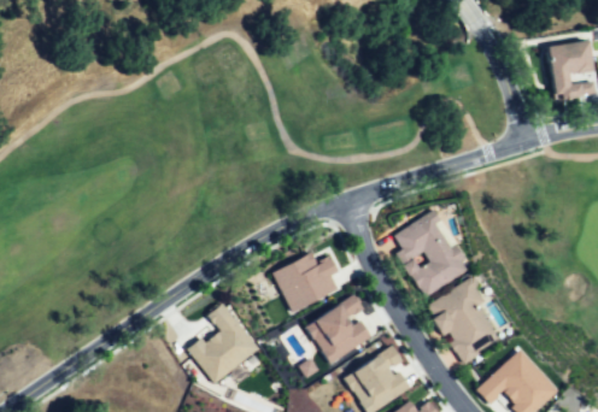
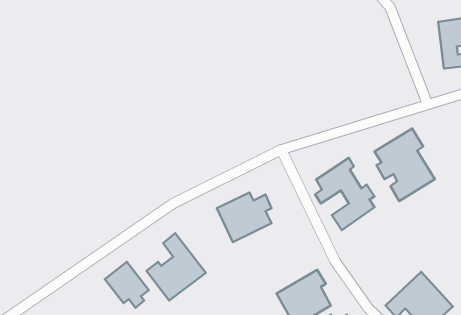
building: [424,277,498,365] -> [374,129,435,201]
building: [306,294,373,363] -> none
building: none -> [105,262,149,308]

